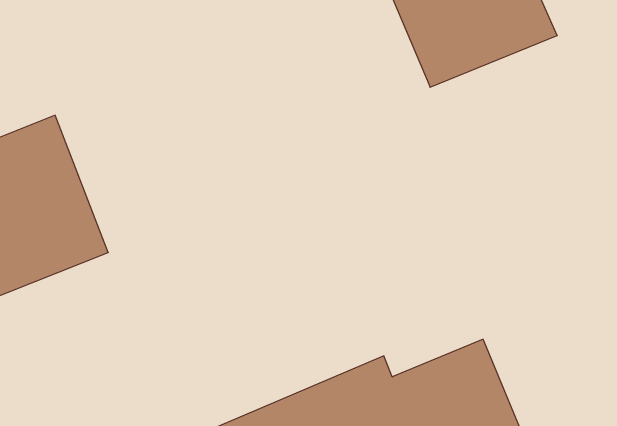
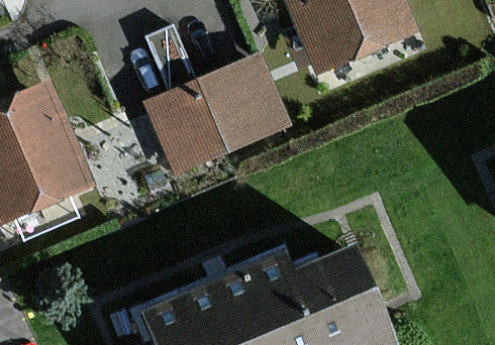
building: none -> [147,61,282,167]

